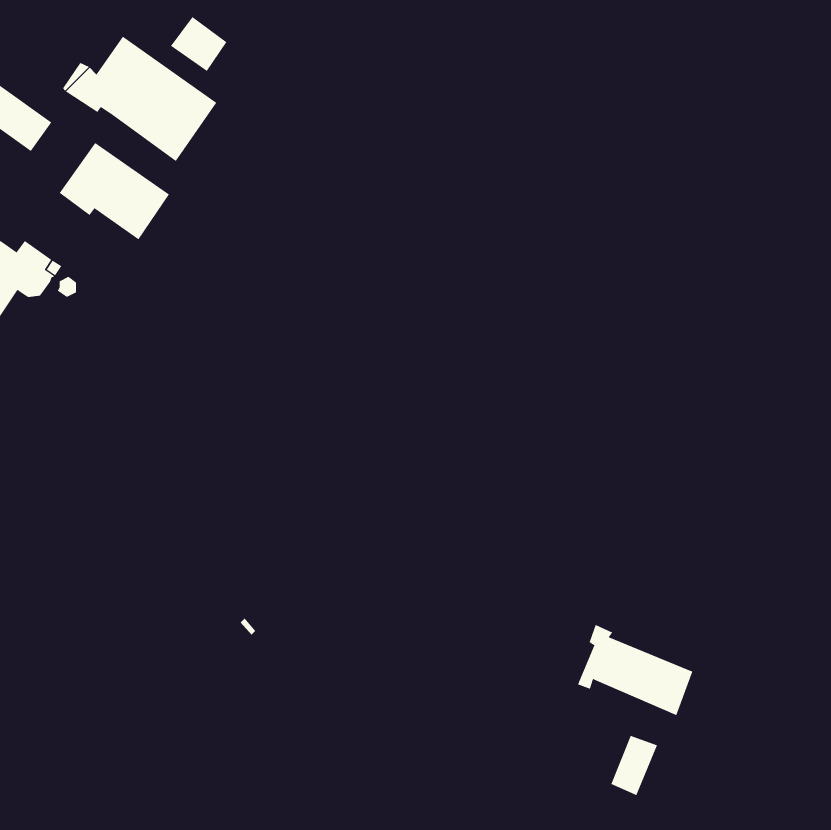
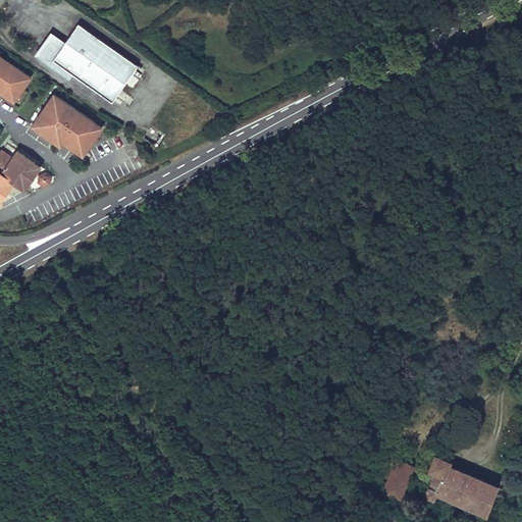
building: [170,16,227,72] -> none
building: [577,624,693,716] -> [423,459,495,516]

